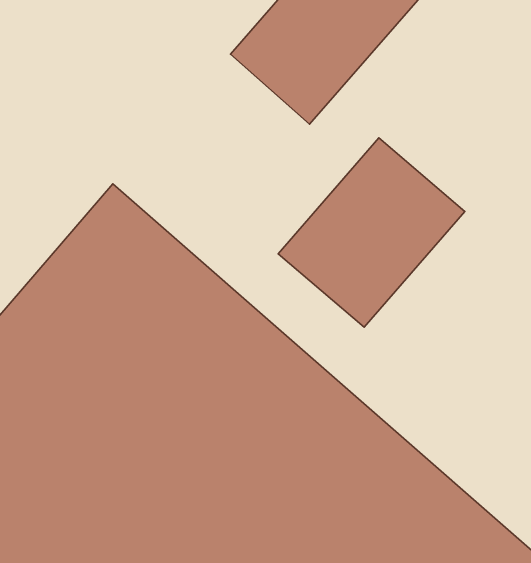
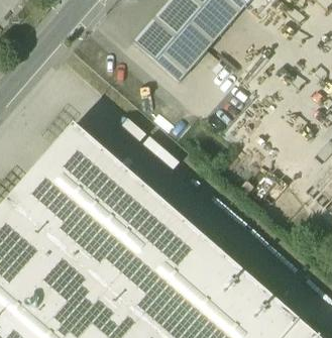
building: [278,138,465,327] -> none

